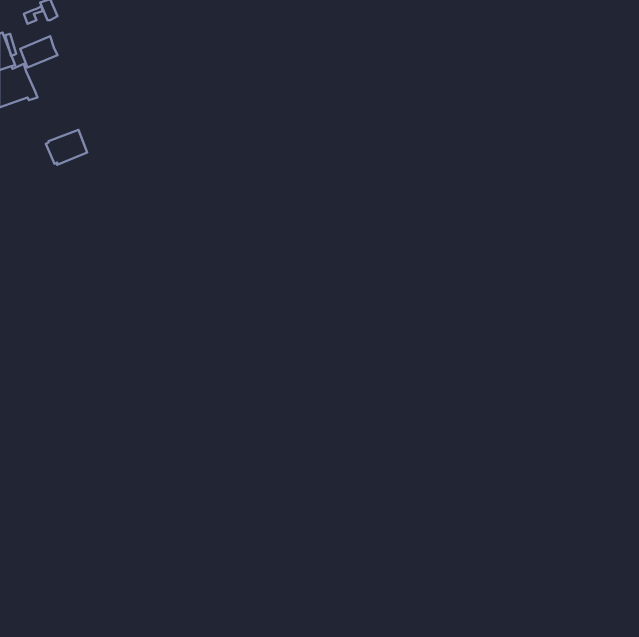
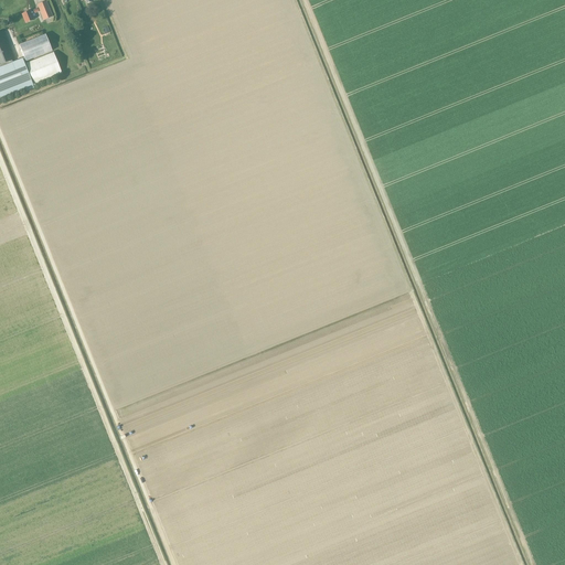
building: [46,130,87,165] -> [23,51,60,82]

